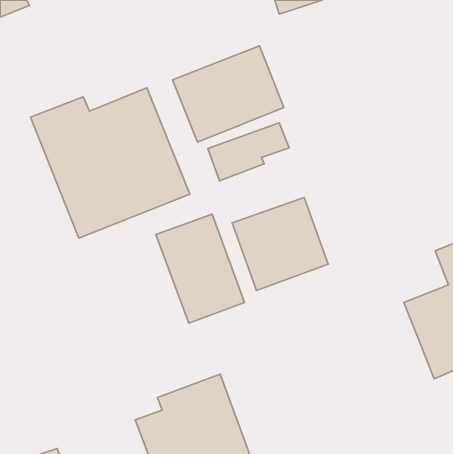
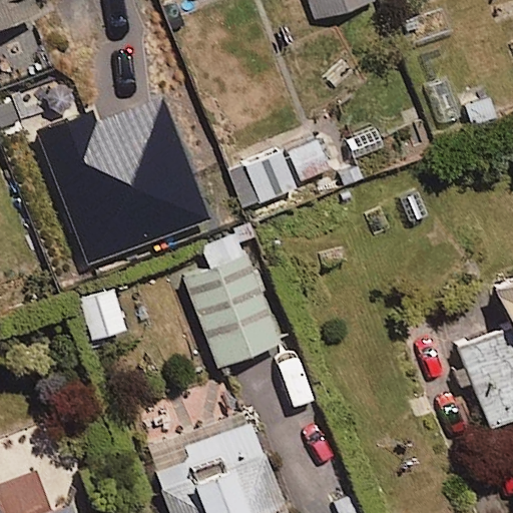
building: [172,46,284,142] -> none
building: [232,198,328,290] -> none

